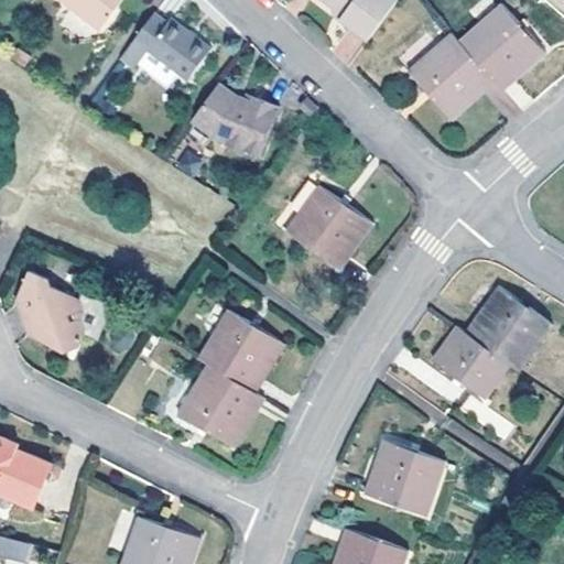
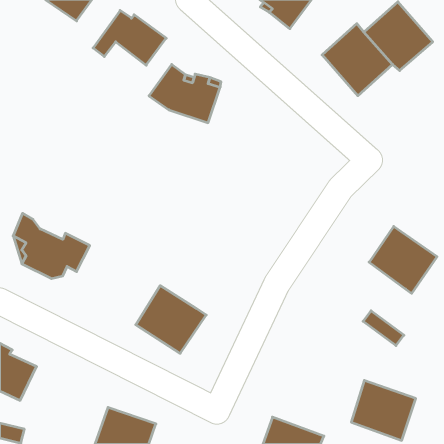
building: [286,185,375,271] -> none
building: [193,306,280,390] -> none
building: [433,325,513,399] -> none
building: [367,442,448,518] -> [351,380,416,440]

